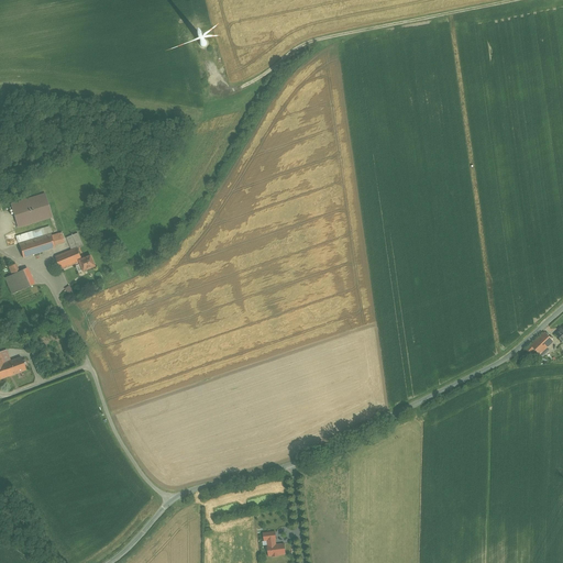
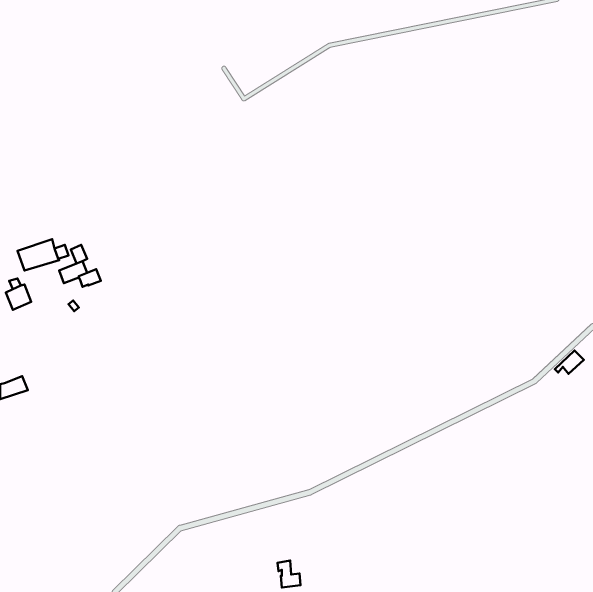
building: [11,192,52,227] -> none

